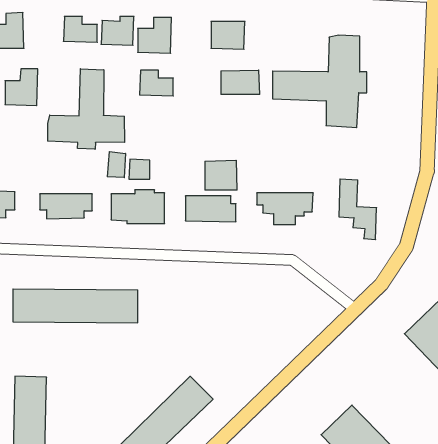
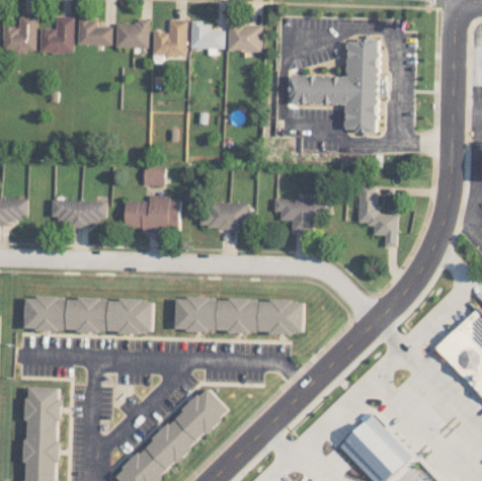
building: [48,69,125,149] -> none
building: [5,69,38,106] -> [41,16,74,54]
building: [221,70,260,94] -> none
building: [140,70,173,96] -> [190,22,225,49]
building: [107,152,125,178] -> none
building: [205,160,237,190] -> none
building: none -> [175,299,303,332]

